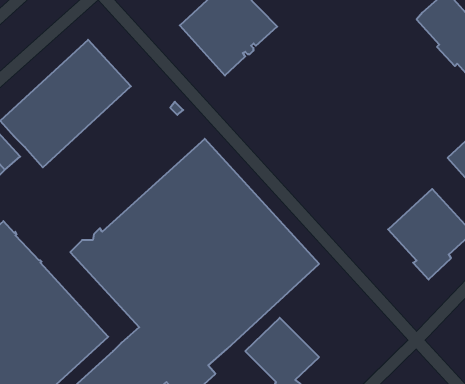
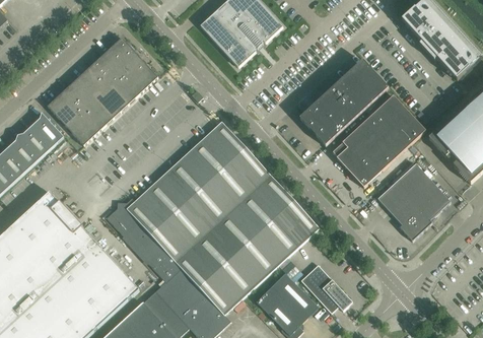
building: none -> [299,60,388,145]
building: none -> [333,95,425,187]
building: none -> [300,264,349,313]

